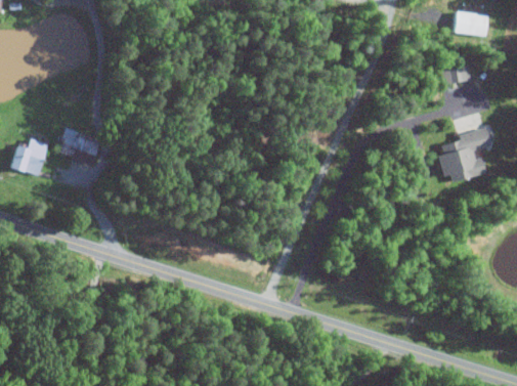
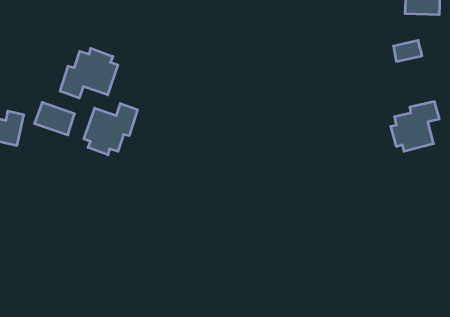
building: none -> [60,48,118,98]
building: none -> [84,103,137,155]

